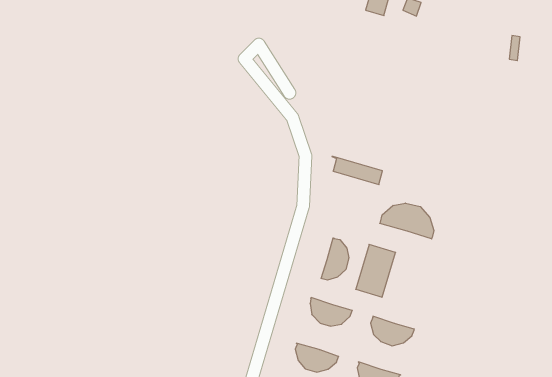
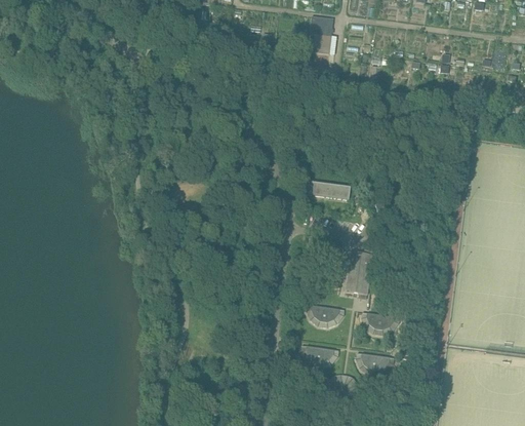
building: [380,203,434,239] -> none
building: [321,238,349,280] -> none

